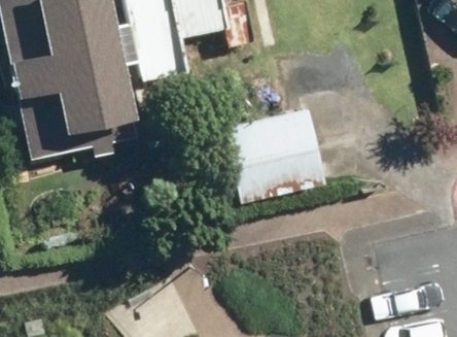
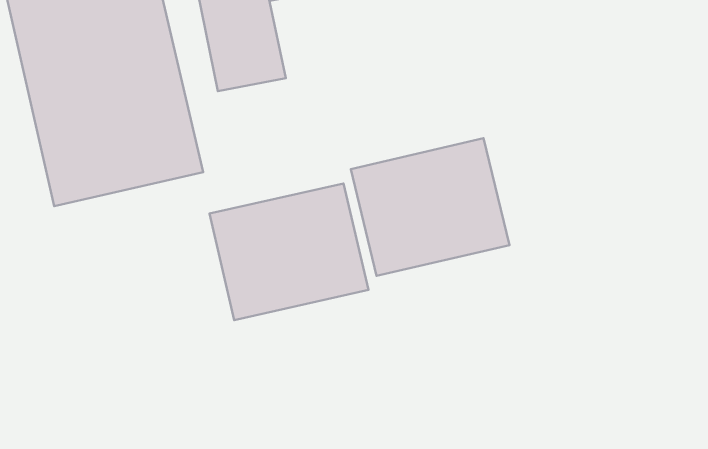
building: none -> [210,183,368,320]

